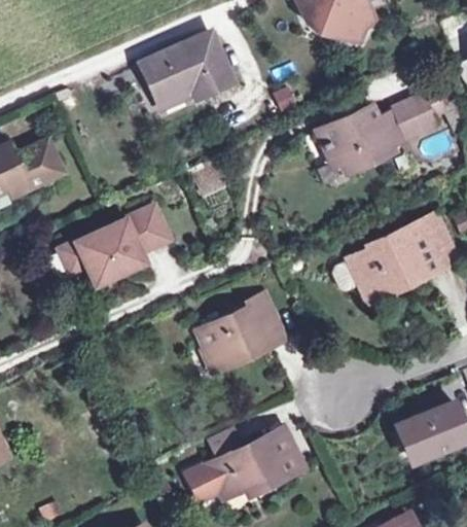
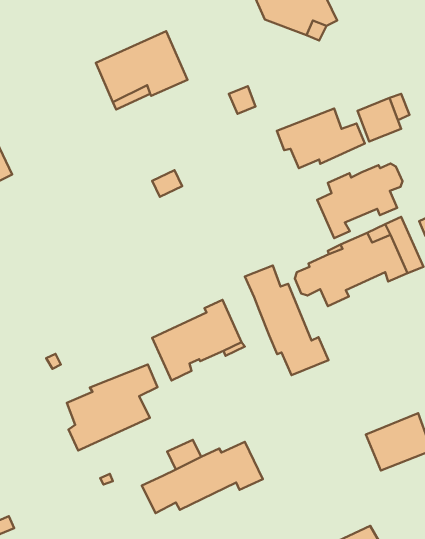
building: none -> [317,163,402,238]
building: [60,206,170,284] -> none
building: none -> [245,265,329,375]
building: none -> [67,364,157,451]

